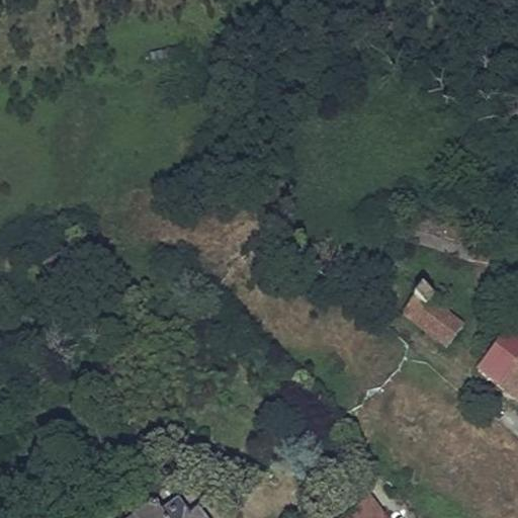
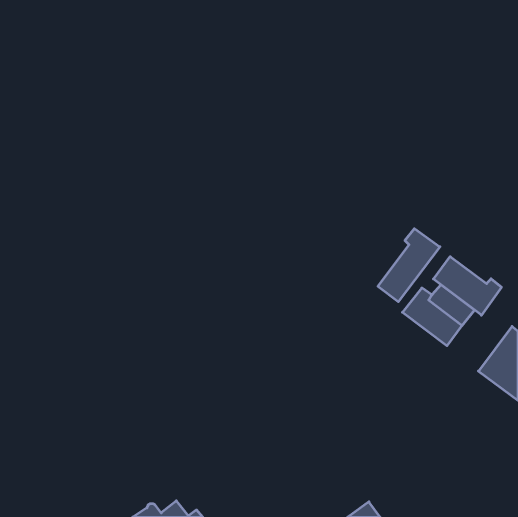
building: none -> [378,229,440,302]
building: none -> [433,257,501,315]

